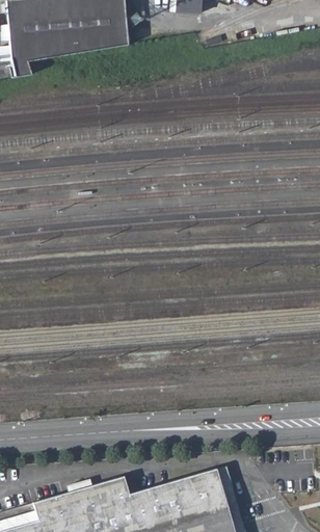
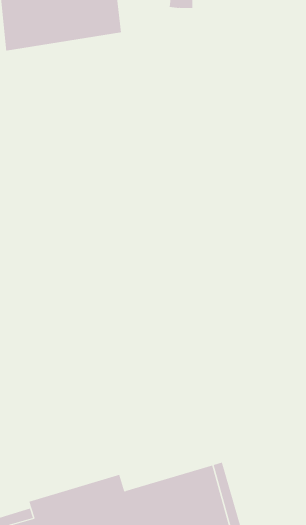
building: [12,37,128,77] -> none

